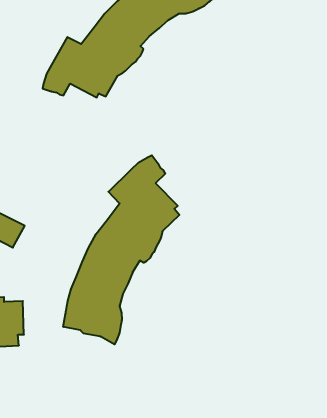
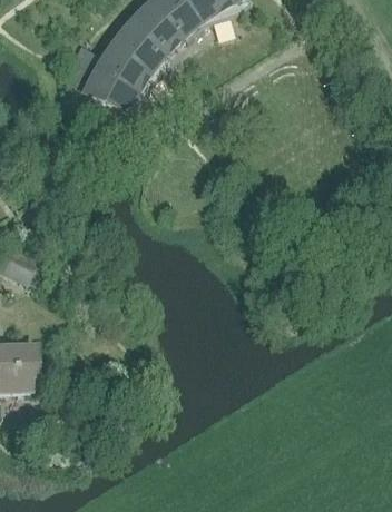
building: [63,155,179,344] -> none

